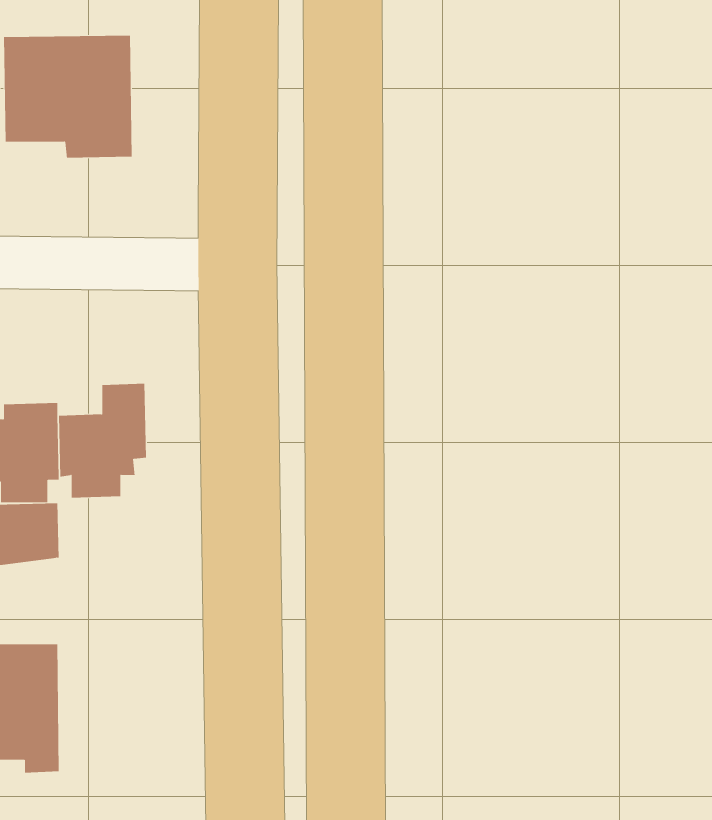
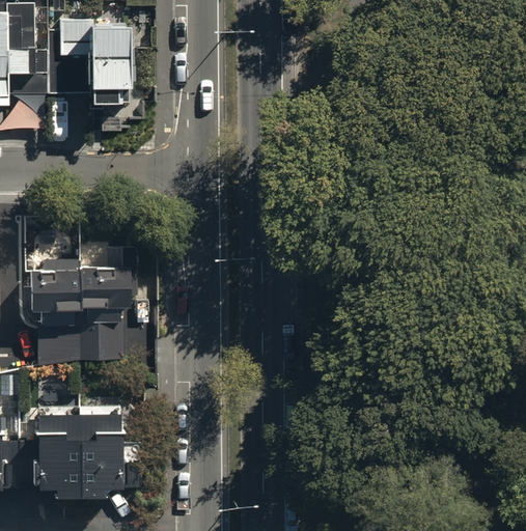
building: none -> [80,319,123,359]
building: none -> [80,413,122,496]

